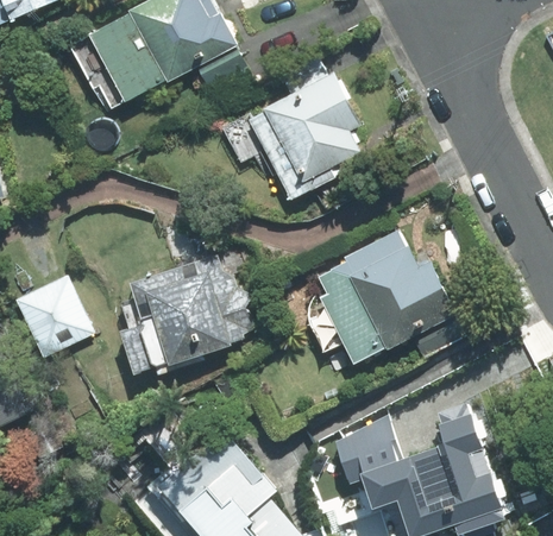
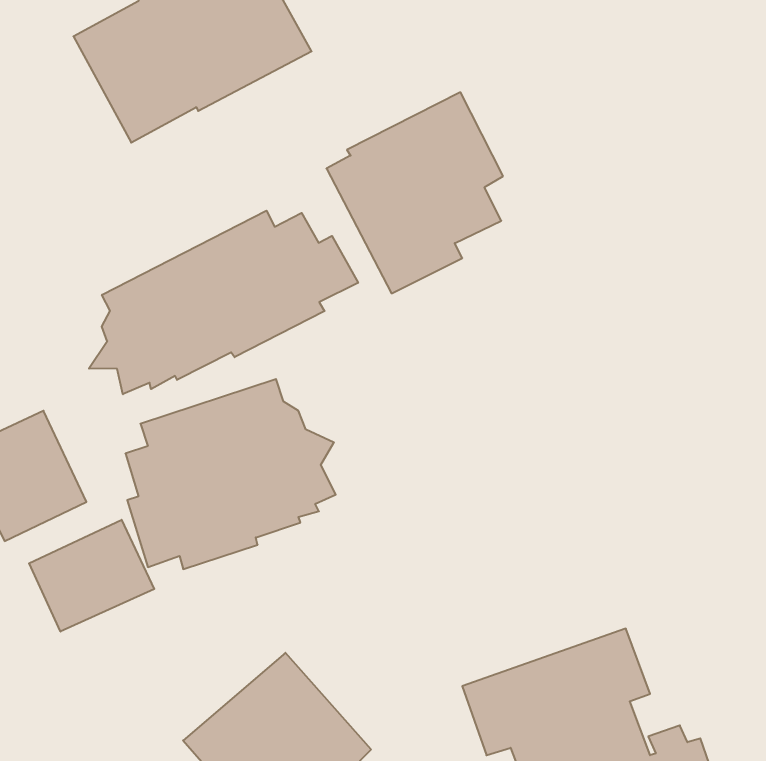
building: none -> [89,211,358,394]
building: [315,229,455,364] -> none
building: none -> [29,520,154,632]

